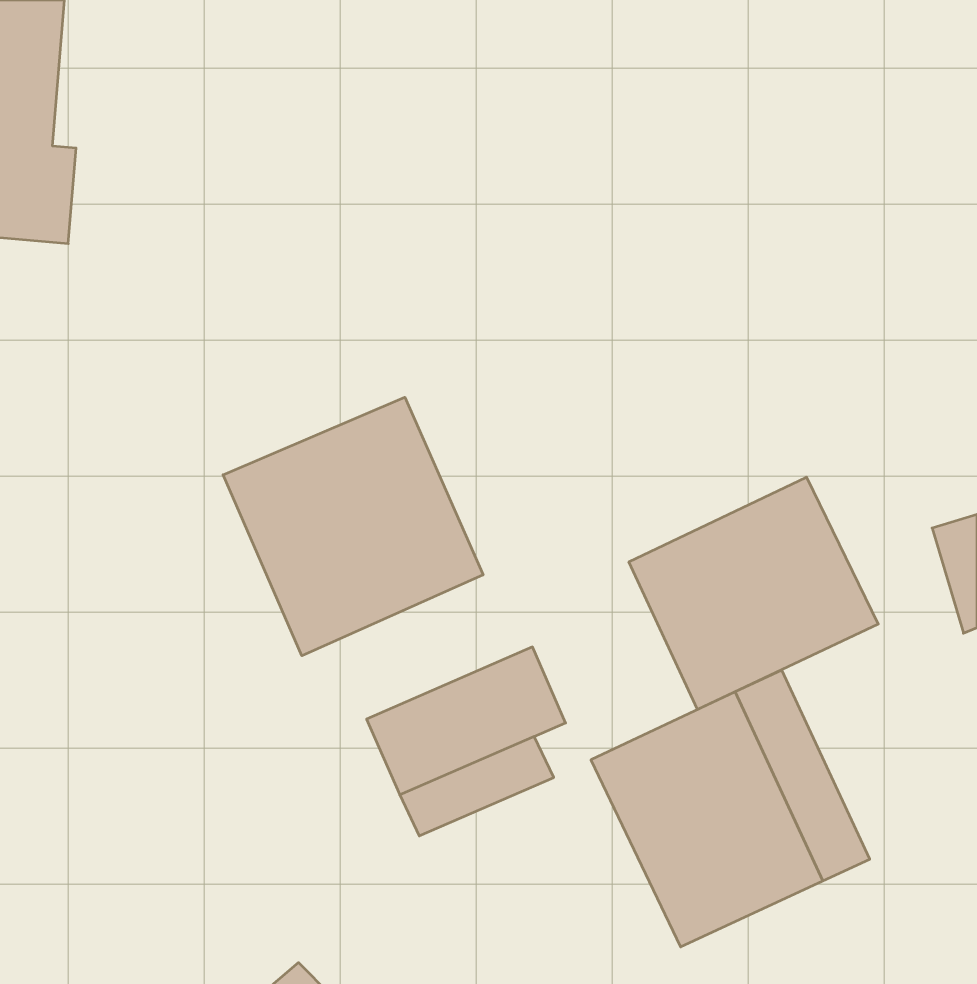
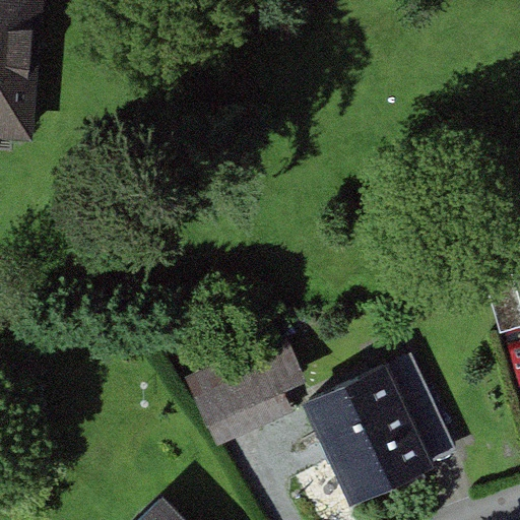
building: [223,397,483,656] -> none
building: [629,477,878,710] -> none

